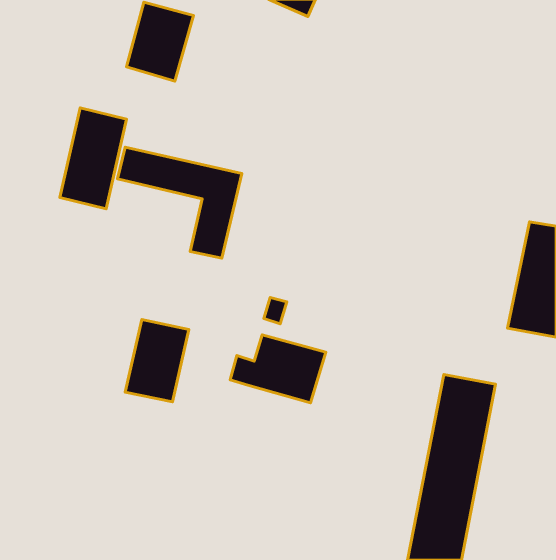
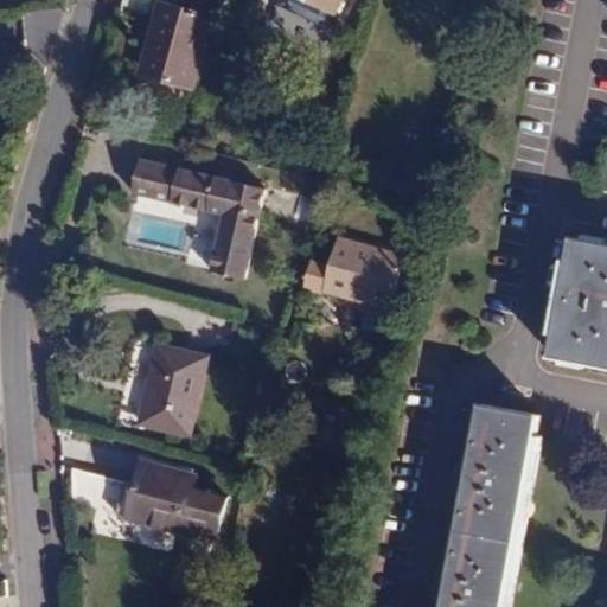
building: [60,108,127,209] -> none
building: [230,335,326,403] -> [299,236,402,309]
building: none -> [68,464,225,541]

